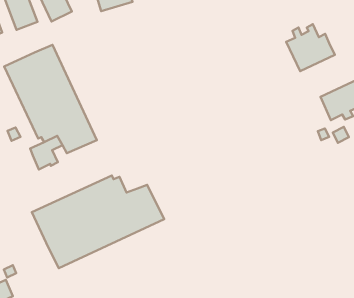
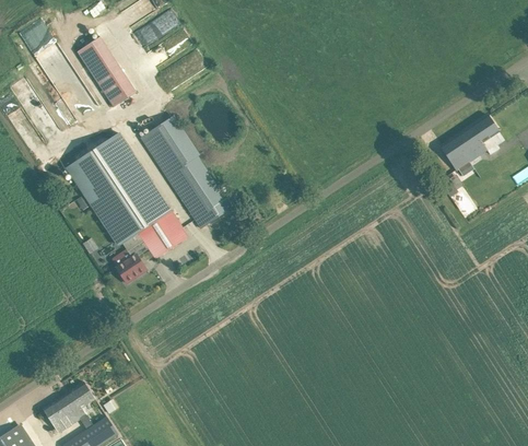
building: [286,24,335,71] -> none
building: none -> [140,116,236,227]
building: [32,176,164,268] -> none

